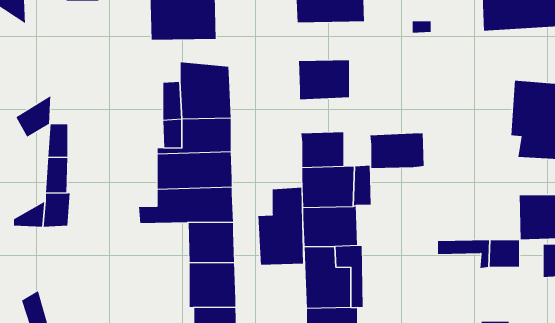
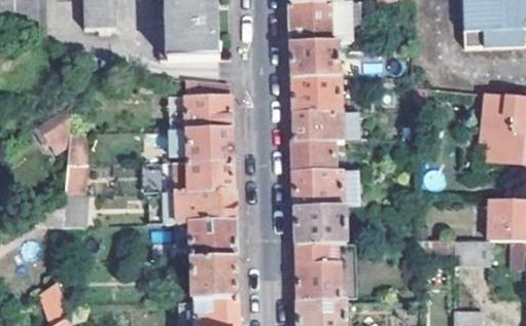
building: none -> [290,42,338,77]
building: [369,133,425,168] -> [292,110,342,142]
building: [258,187,304,266] -> none

